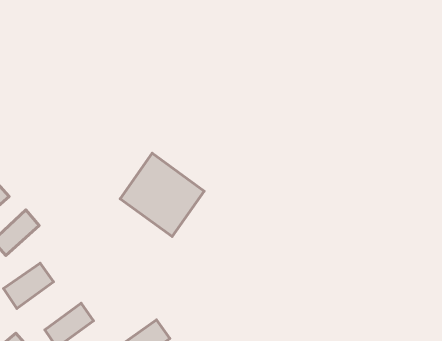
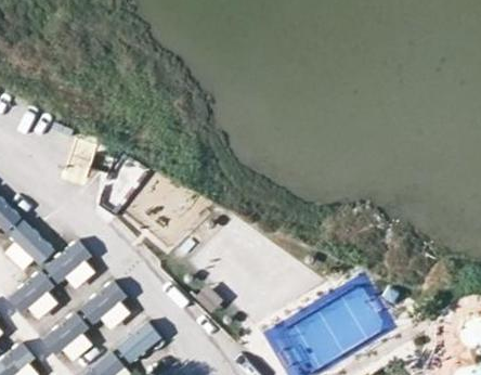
building: none -> [43,242,90,284]
building: none -> [82,282,131,325]

